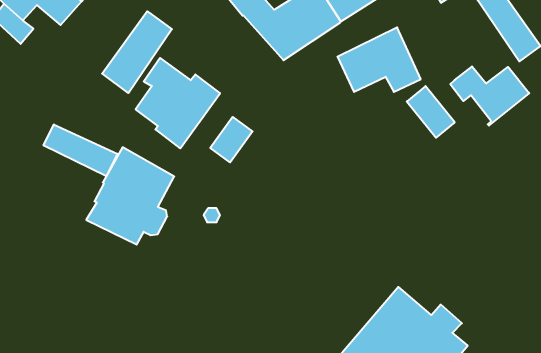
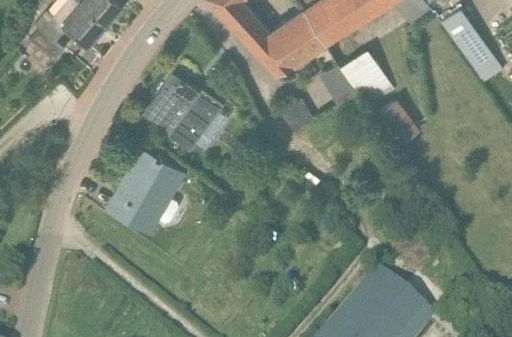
building: [102,11,172,93] -> none
building: [450,66,529,126] -> none
building: [210,117,253,162] -> none
building: [44,124,117,176] -> none

